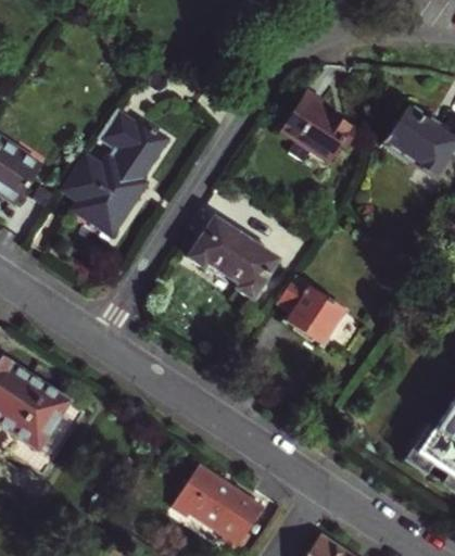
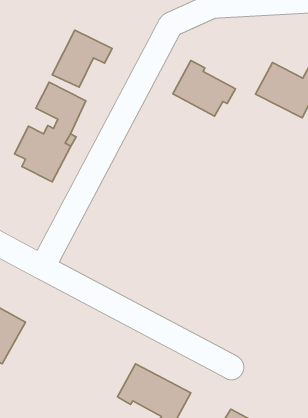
building: none -> [52,30,112,87]
building: [192,217,283,300] -> none
building: [282,277,350,348] -> none

